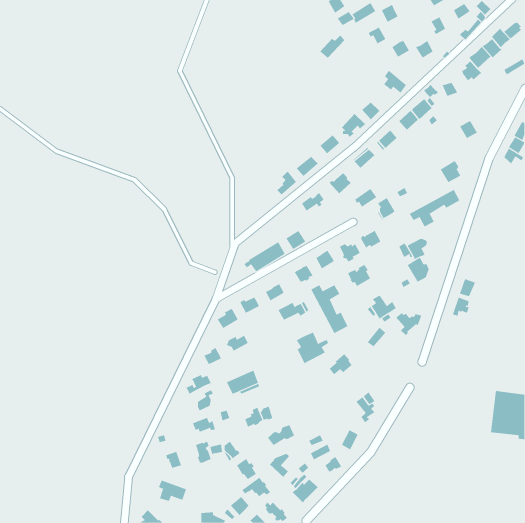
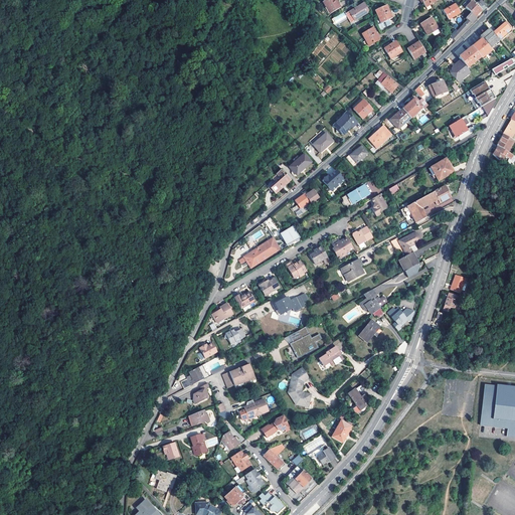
building: none -> [467,79,496,109]
building: [310,284,348,334] -> none
building: none -> [290,366,314,407]

